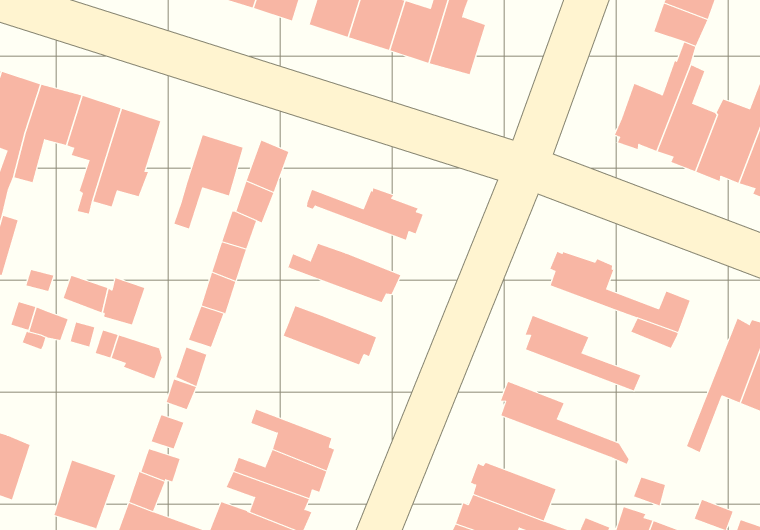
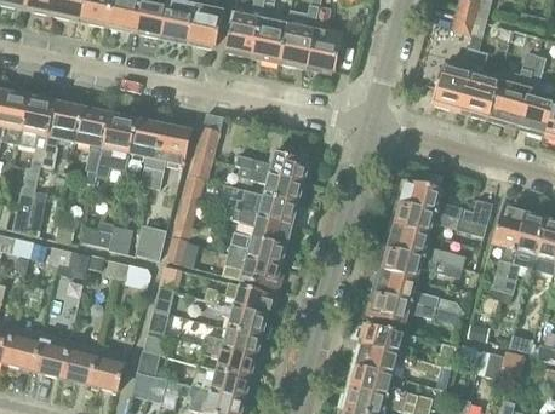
building: none -> [127,120,162,186]
building: none -> [238,166,305,206]
building: none -> [225,208,293,248]
building: none -> [135,225,167,261]
building: none -> [390,203,450,235]
building: none -> [490,205,525,300]
building: none -> [222,253,282,289]
building: none -> [378,247,462,280]
building: none -> [204,282,276,317]
building: none -> [366,292,451,324]
building: none -> [61,340,97,385]

